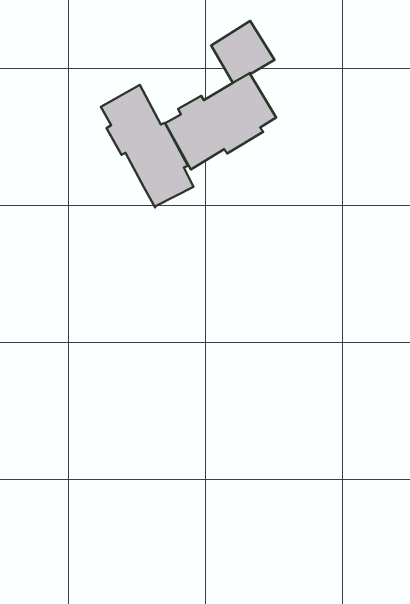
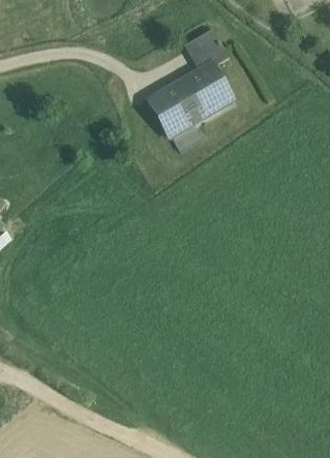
building: [101,85,194,207] -> none

